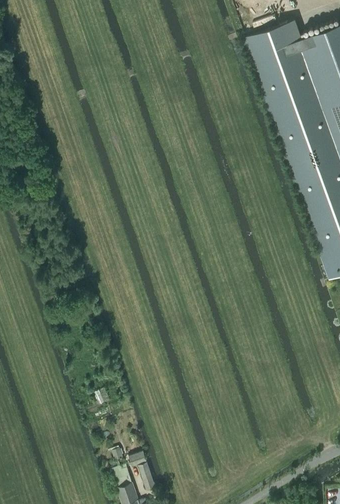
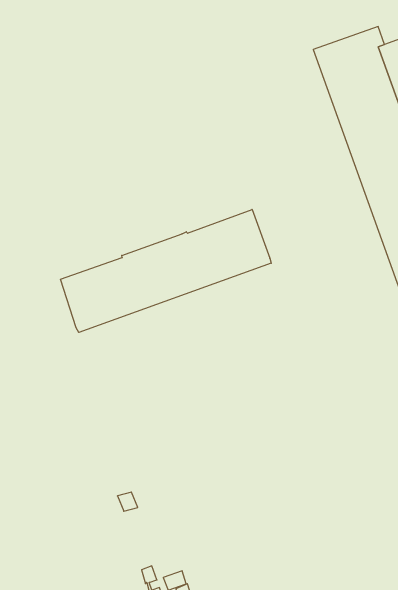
building: none -> [60,209,271,332]

